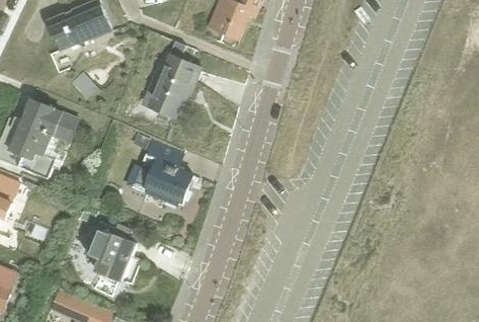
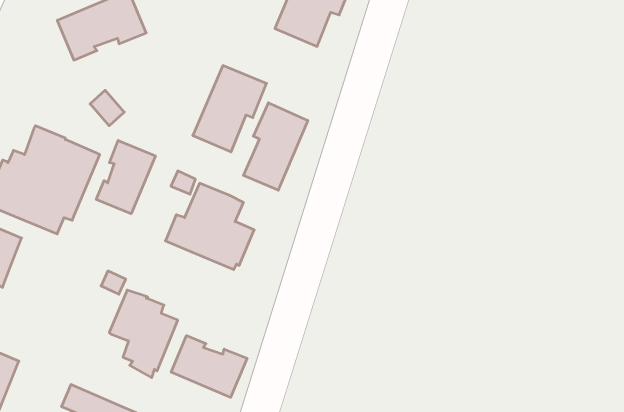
building: none -> [243,103,308,190]
building: none -> [96,140,155,214]
building: none -> [171,336,247,397]

